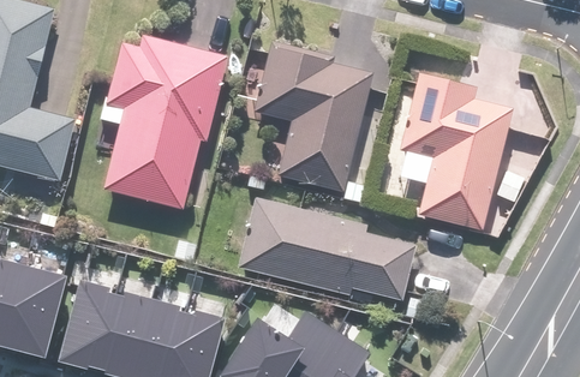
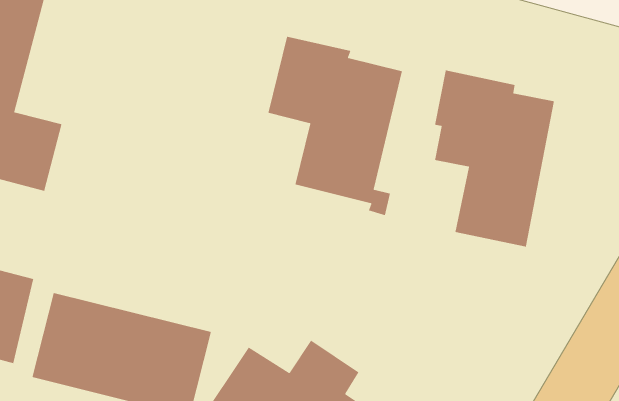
building: [102,38,226,210] -> none
building: [239,199,413,299] -> none

